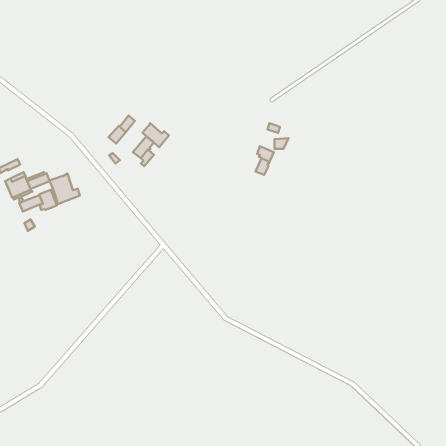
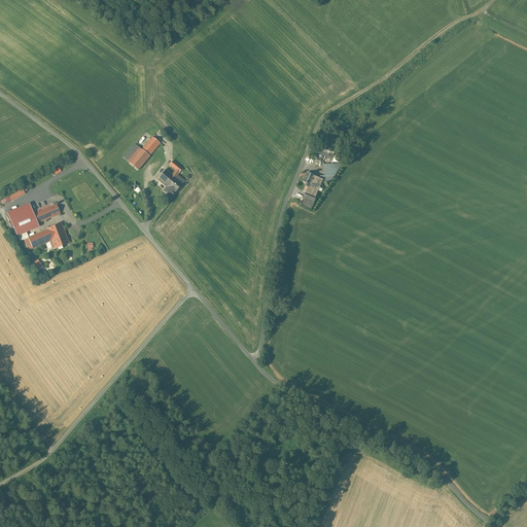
building: [143,123,169,147] -> none
building: [50,174,80,204] -> none

